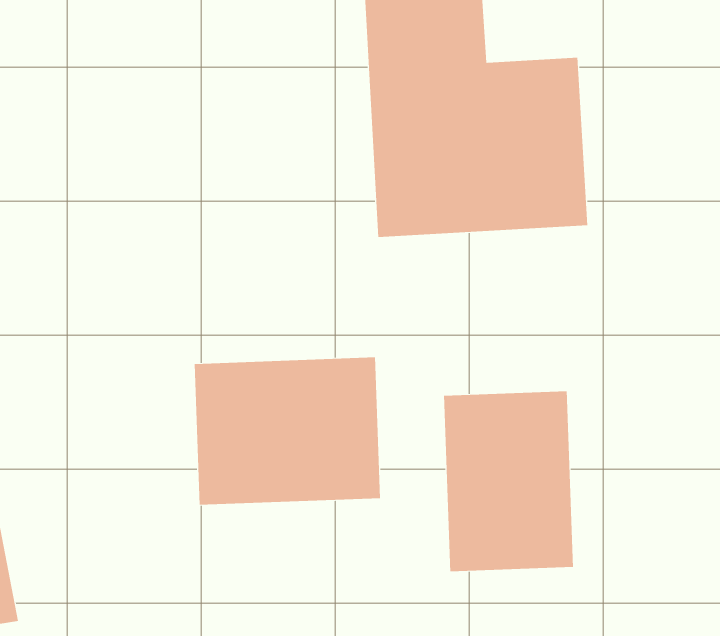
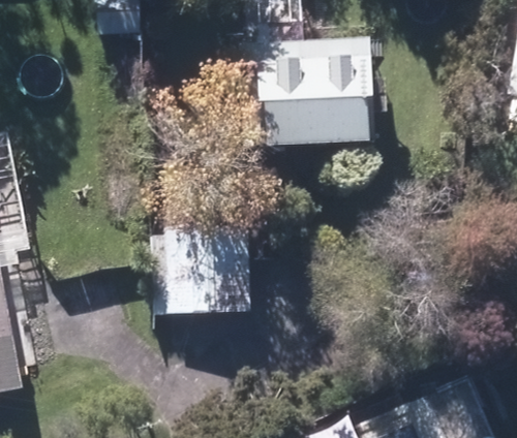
building: [443,390,574,572] -> none

